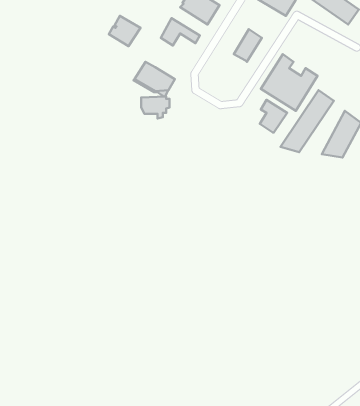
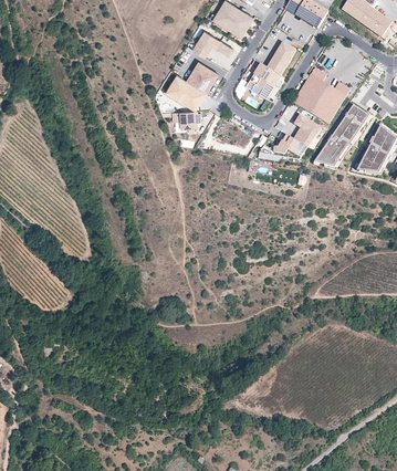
building: [109,16,141,46] -> [186,61,218,92]
building: none -> [244,62,278,98]
building: none -> [258,133,306,158]

